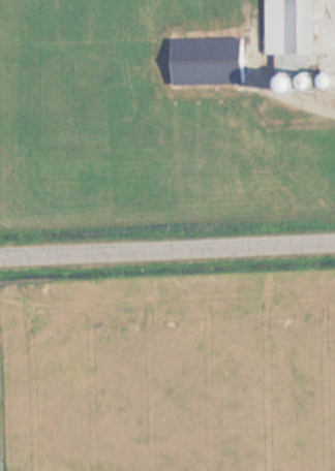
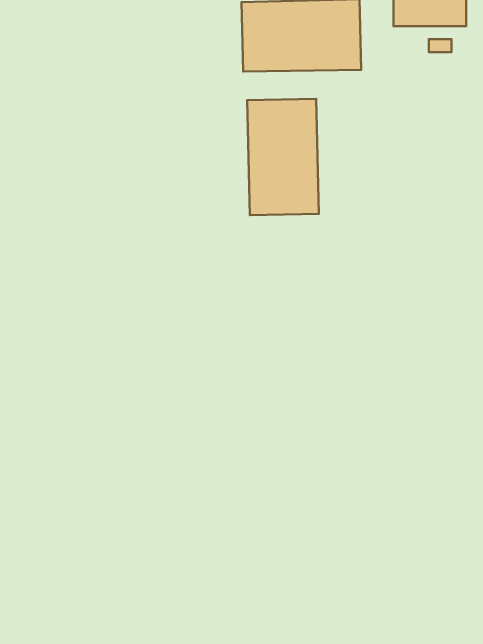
building: none -> [247,99,319,215]

